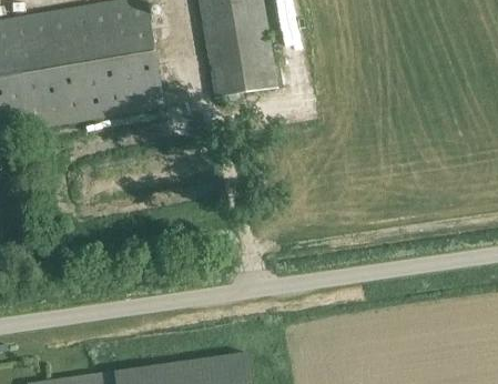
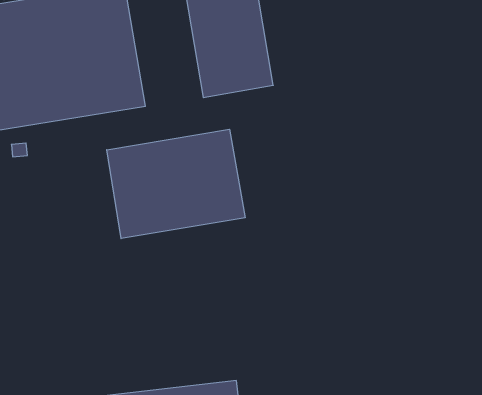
building: none -> [107,129,245,239]

